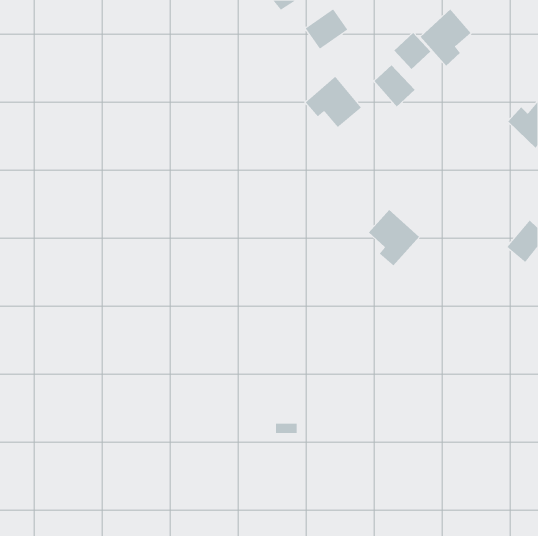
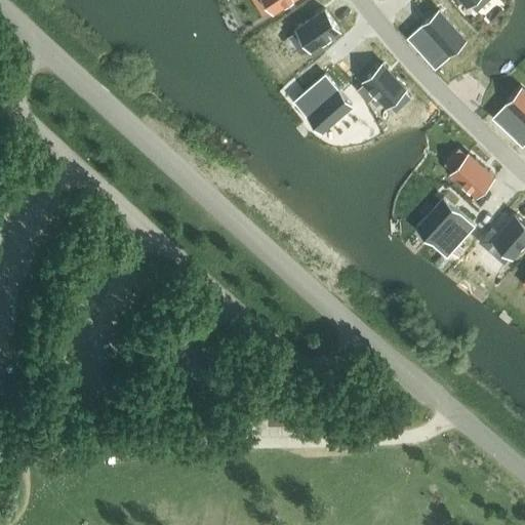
building: [394,32,431,70] -> none
building: none -> [451,156,493,197]
building: [368,209,420,266] -> [423,201,474,256]

